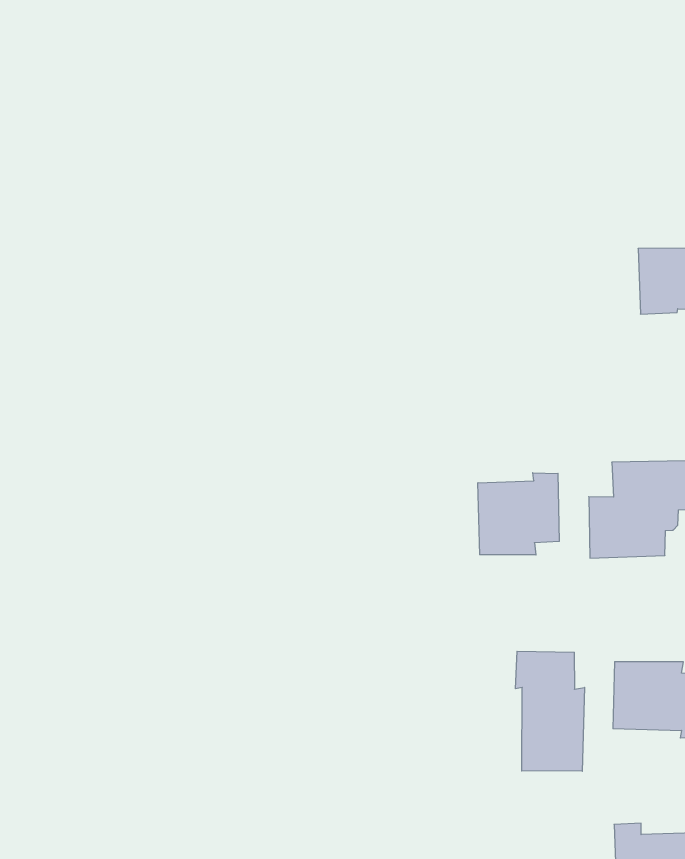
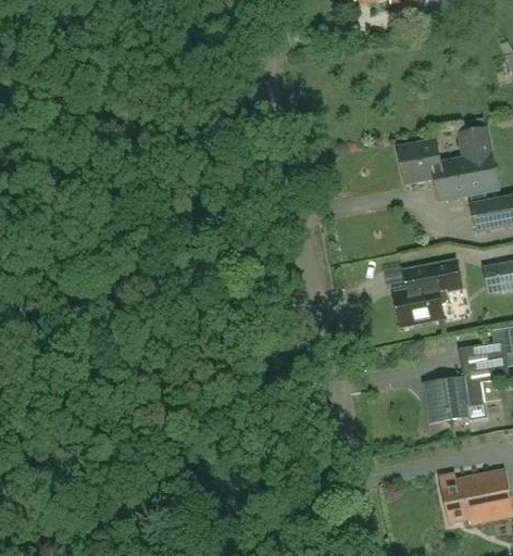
building: [478,473,559,555] -> none
building: [515,651,585,771] -> none

